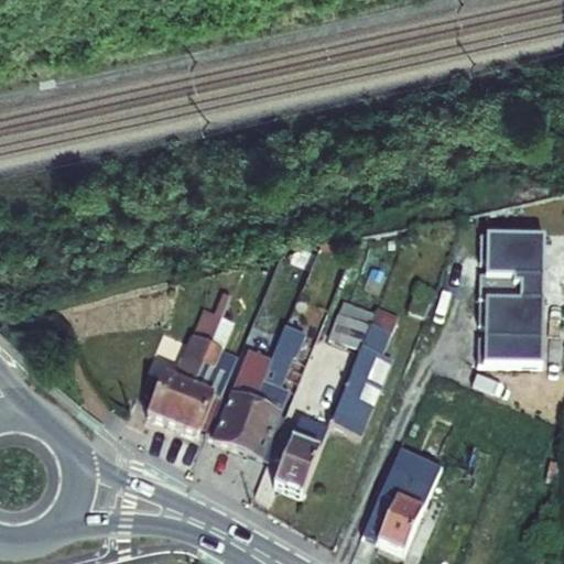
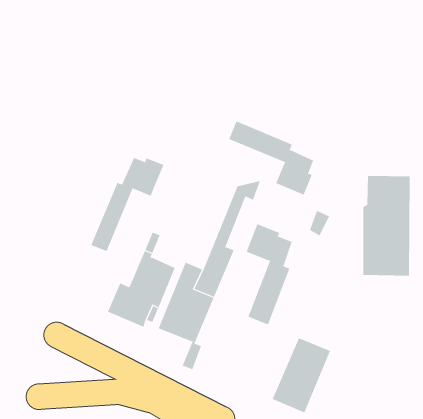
building: none -> [228,120,314,195]
building: none -> [91,157,164,252]
building: [275,422,326,496] -> none

